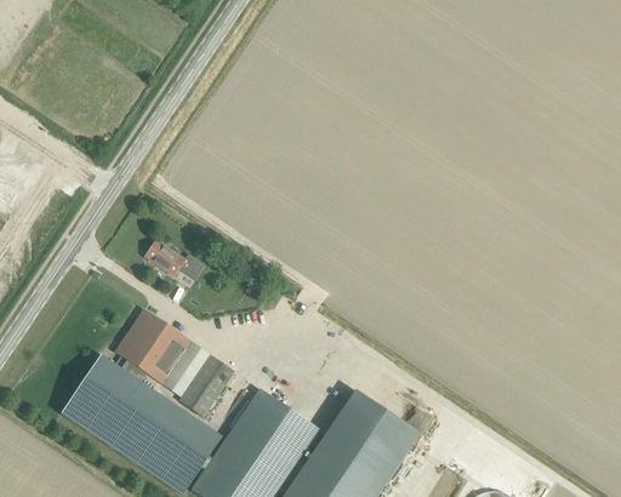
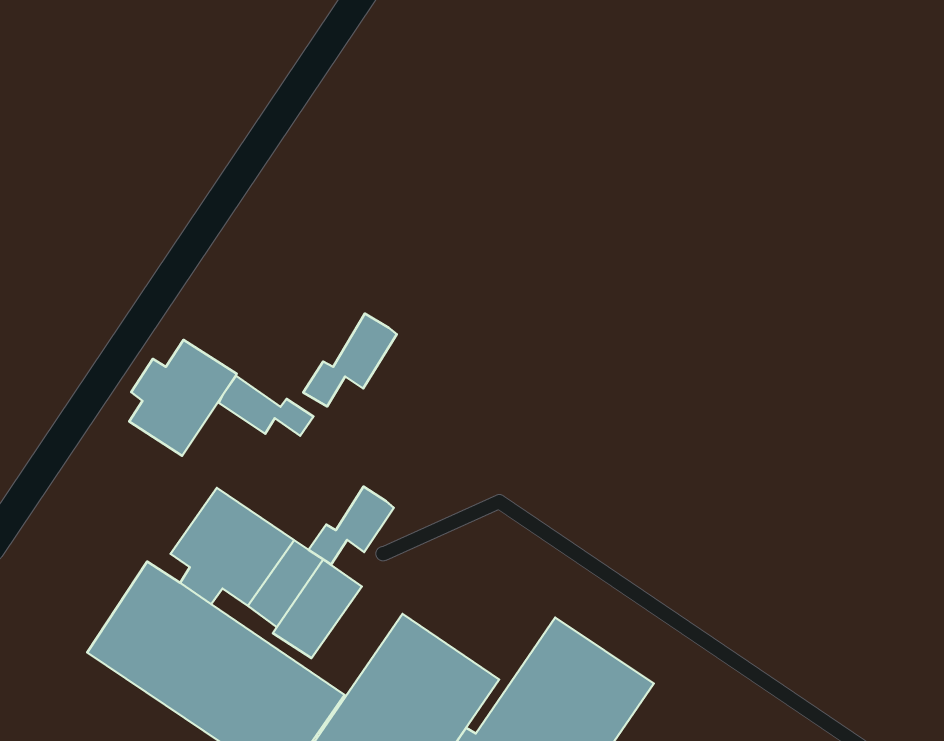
building: none -> [303,313,397,407]
building: none -> [129,340,237,456]
building: none -> [309,487,394,565]

